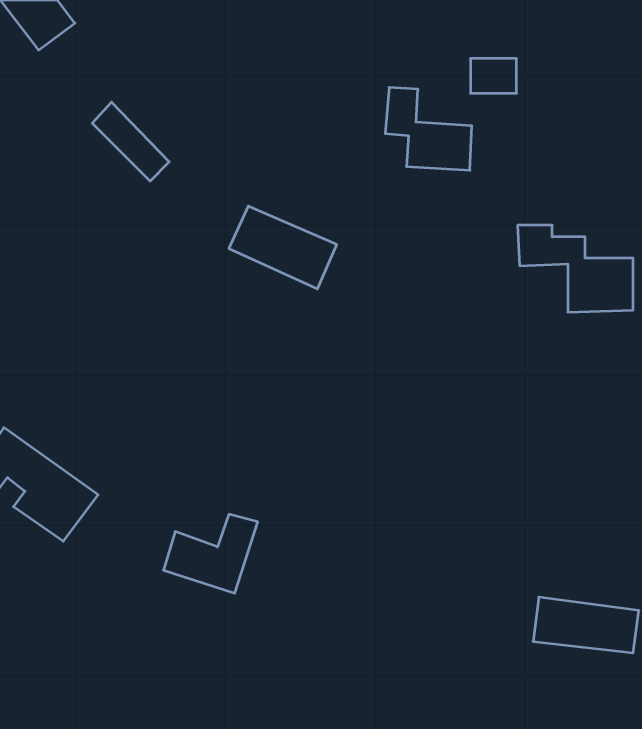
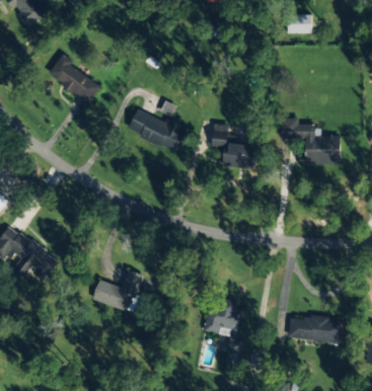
building: [470,59,517,93] -> [288,14,312,32]
building: [385,87,472,170] -> [212,125,257,168]
building: none -> [205,298,244,354]

